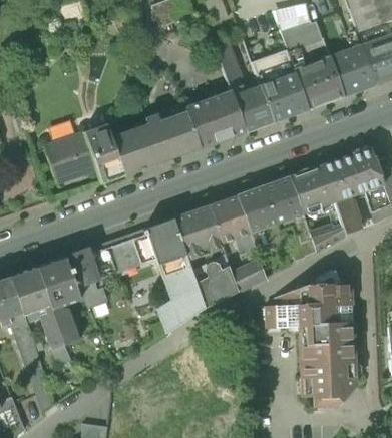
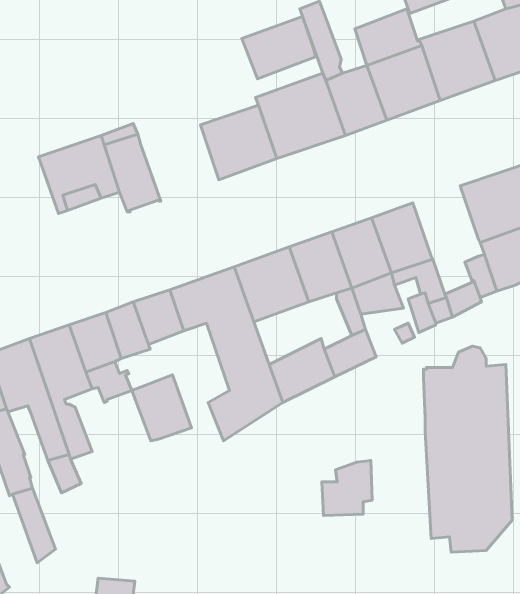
building: none -> [242,17,315,79]
building: [111,123,162,174] -> none
building: [290,164,333,210] -> none
building: none -> [132,375,191,441]
building: [265,291,298,327] -> [322,461,372,516]

